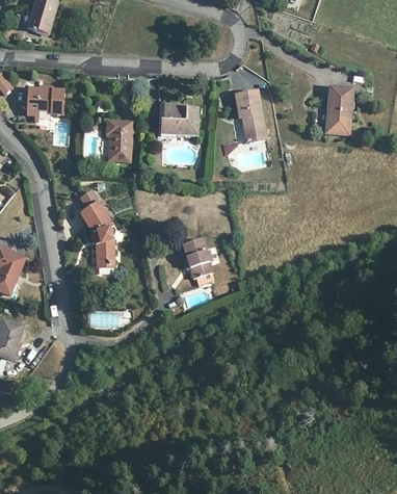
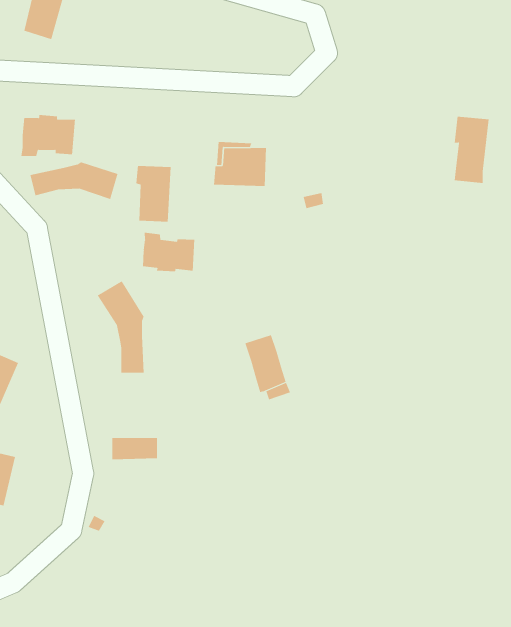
building: [235,89,265,140] -> none
building: none -> [30,161,118,200]
building: none -> [143,232,195,272]

